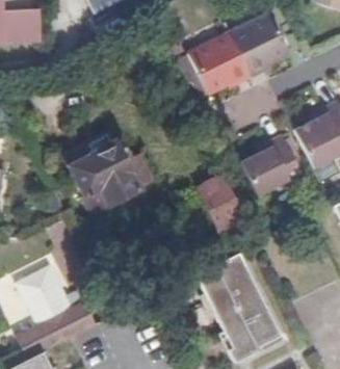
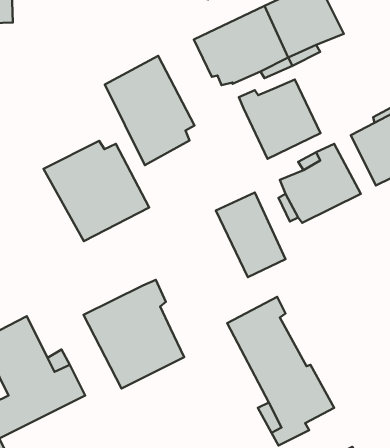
building: none -> [105,56,194,165]
building: none -> [239,79,320,159]
building: none -> [84,280,184,389]

